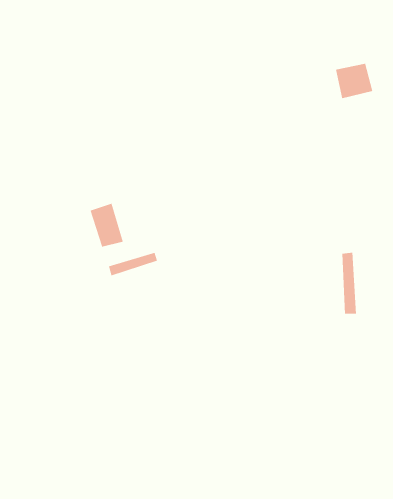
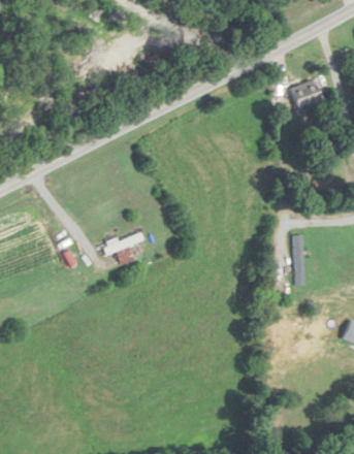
building: [90,203,123,247] -> none

